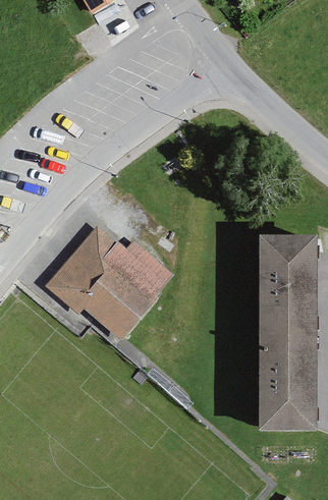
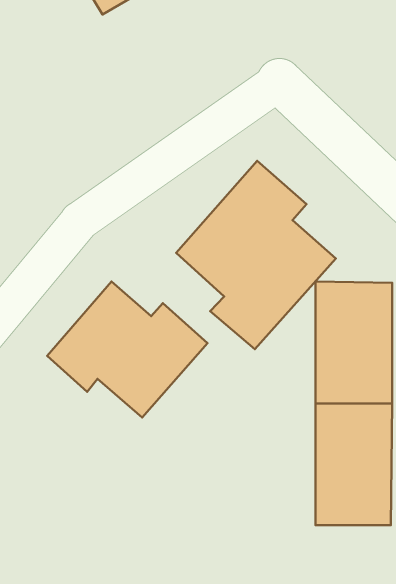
building: none -> [176,161,336,349]

